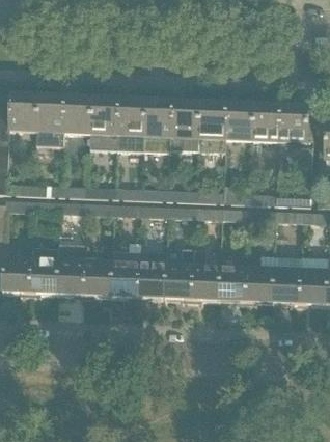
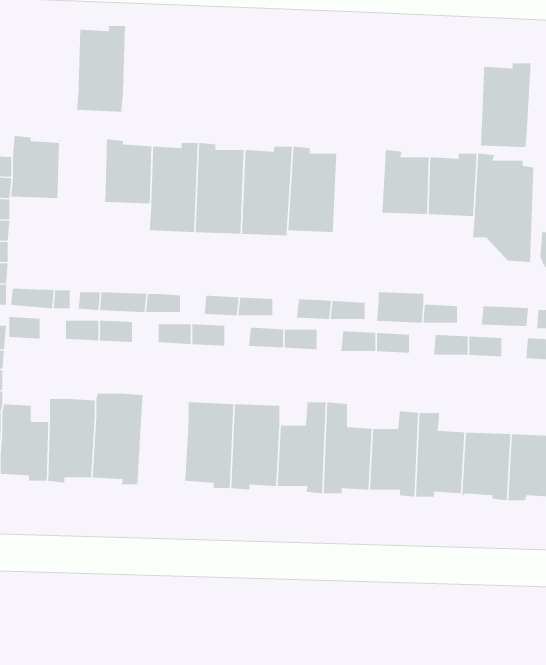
building: [36,96,65,147] -> [76,25,126,112]
building: [198,103,228,153] -> [480,63,532,148]
building: [84,260,113,300] -> none

